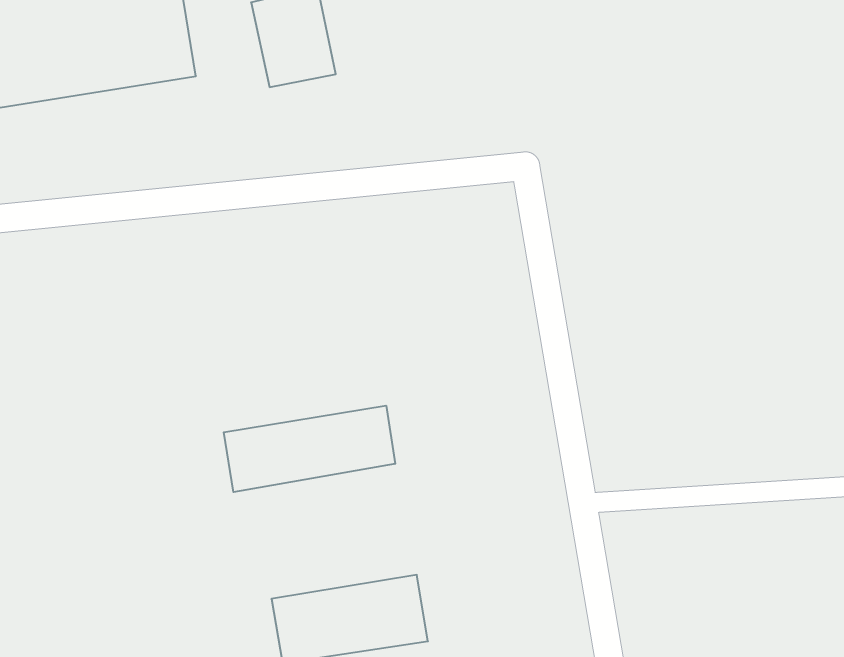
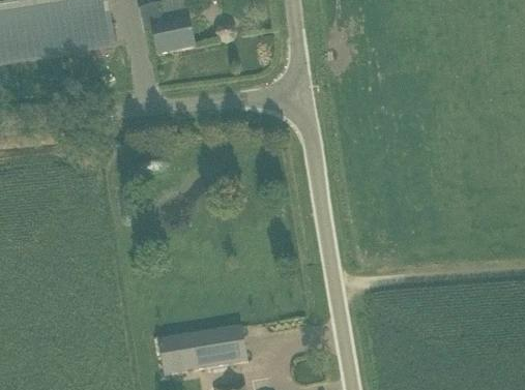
building: [224,406,395,492] -> none

